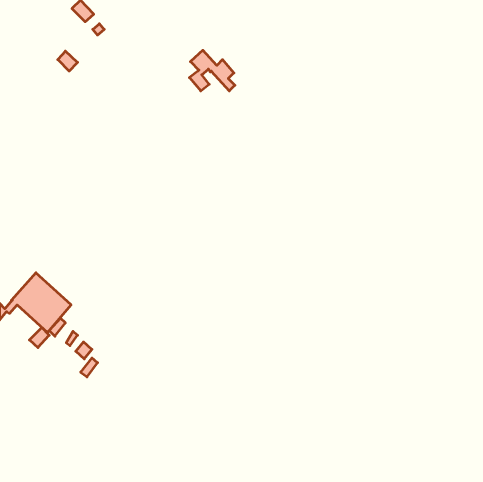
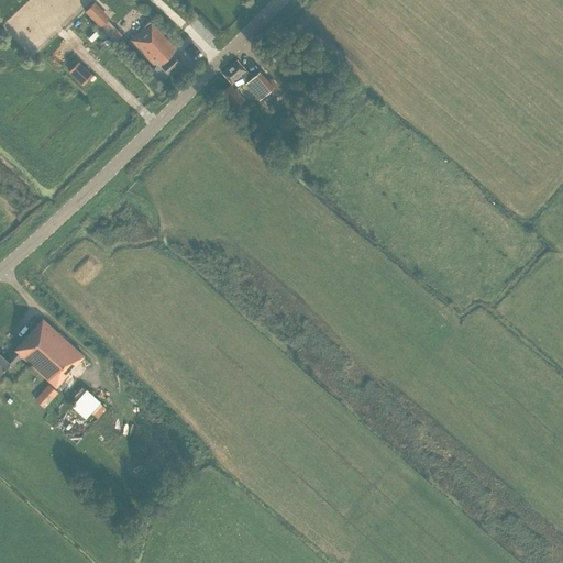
building: none -> [129,20,179,74]

